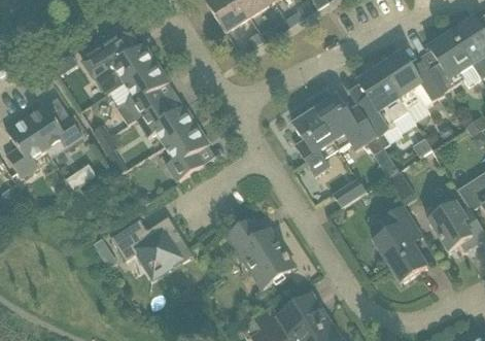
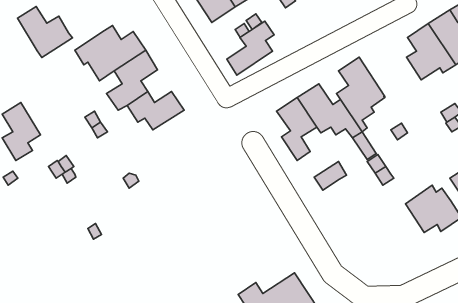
building: none -> [227,21,274,75]
building: [380,54,445,109] -> none
building: [26,103,83,157] -> [17,6,72,58]
building: [164,124,209,181] -> none
building: [374,205,427,283] -> none
building: [113,215,194,272] -> none
building: [227,218,295,285] -> none

